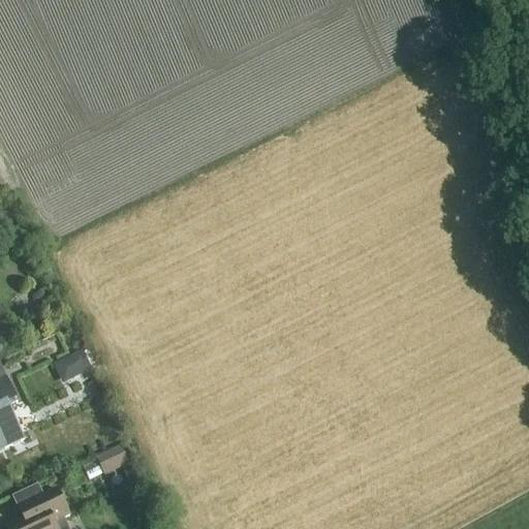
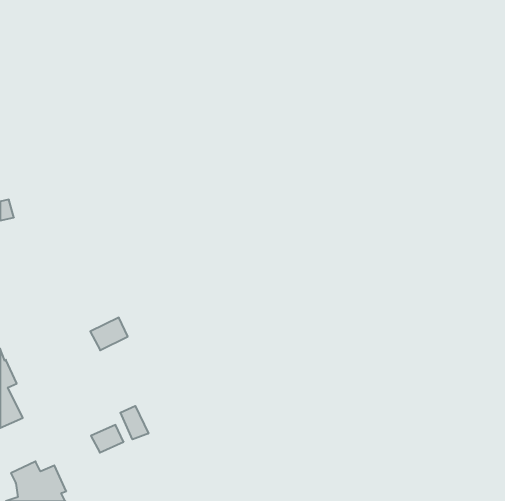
building: [53,348,92,382] -> [90,318,128,350]
building: none -> [120,406,148,439]

